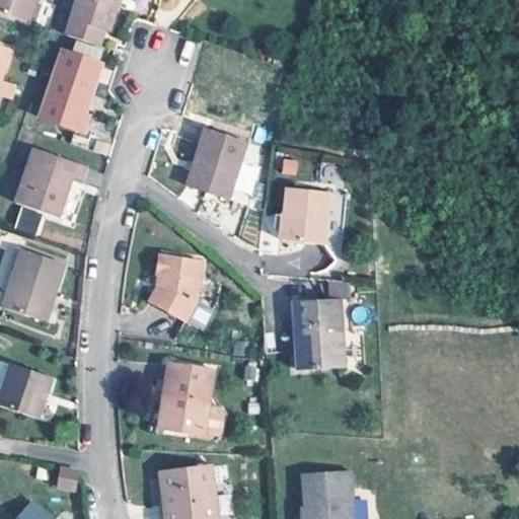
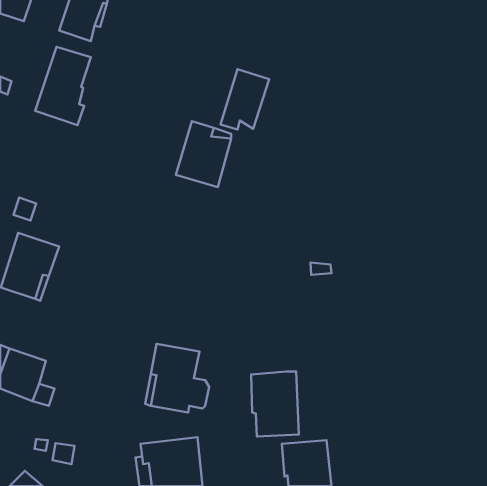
building: none -> [221,69,269,130]
building: [14,150,84,218] -> none
building: [281,186,329,240] -> none
building: [150,254,215,327] -> none
building: [295,297,346,366] -> [251,371,299,436]

